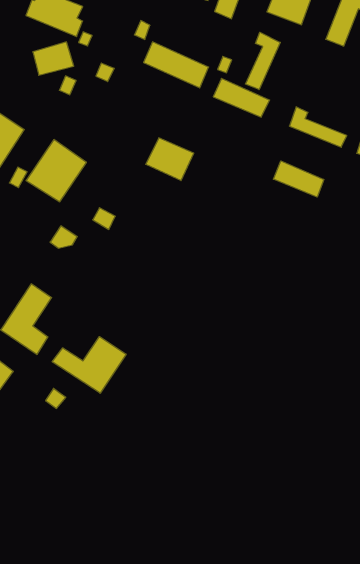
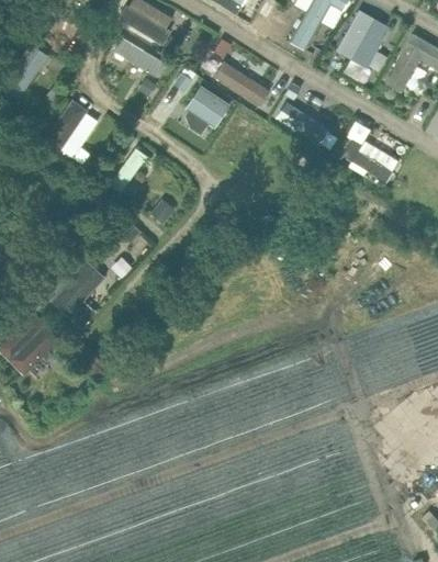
building: [246,32,280,90] -> none
building: [146,138,194,181] -> [184,86,229,127]
building: [273,161,324,197] -> none
building: [52,337,126,393] -> none

